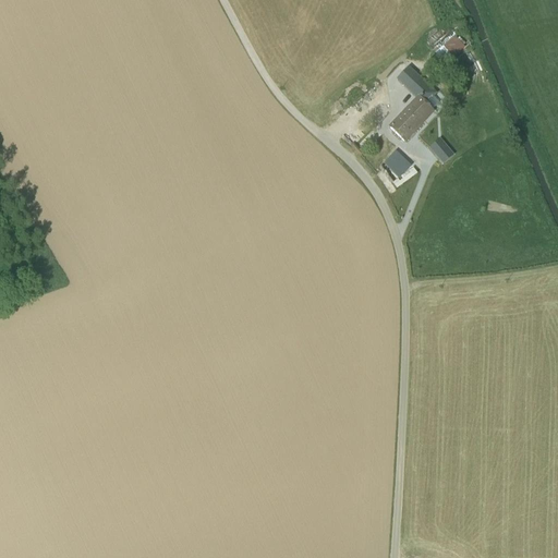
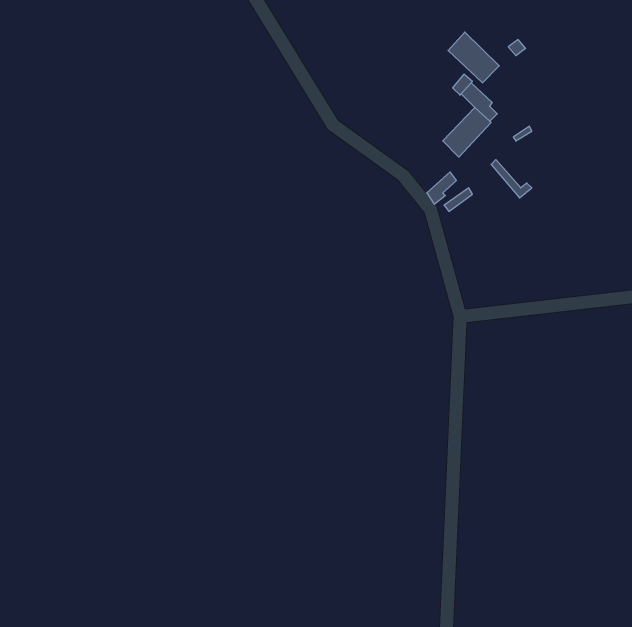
building: none -> [448,32,499,83]

